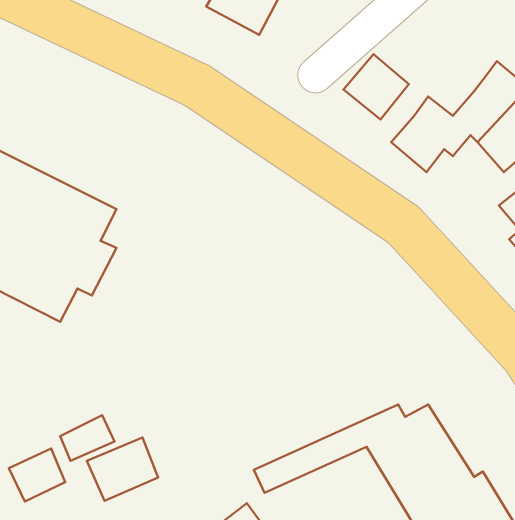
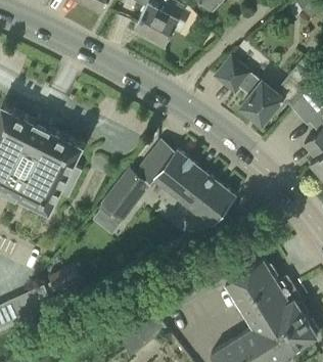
building: none -> [98,139,236,227]
building: [87,437,158,501] -> none

